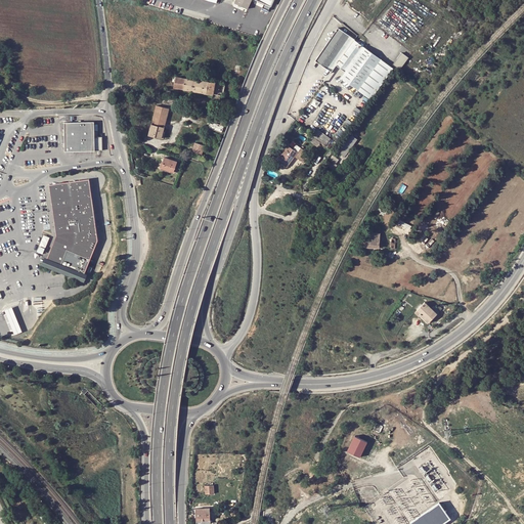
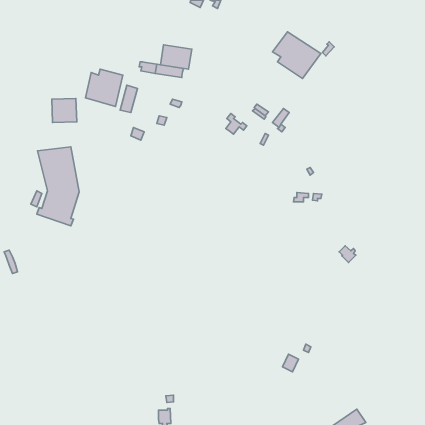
building: [315,29,353,71] -> none
building: none -> [160,45,192,69]
building: none -> [86,69,123,106]

